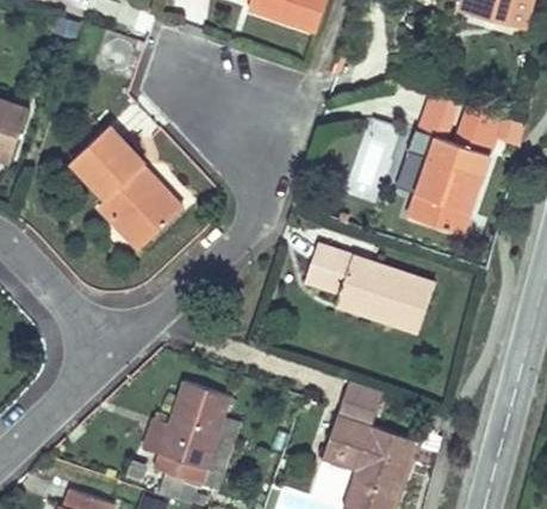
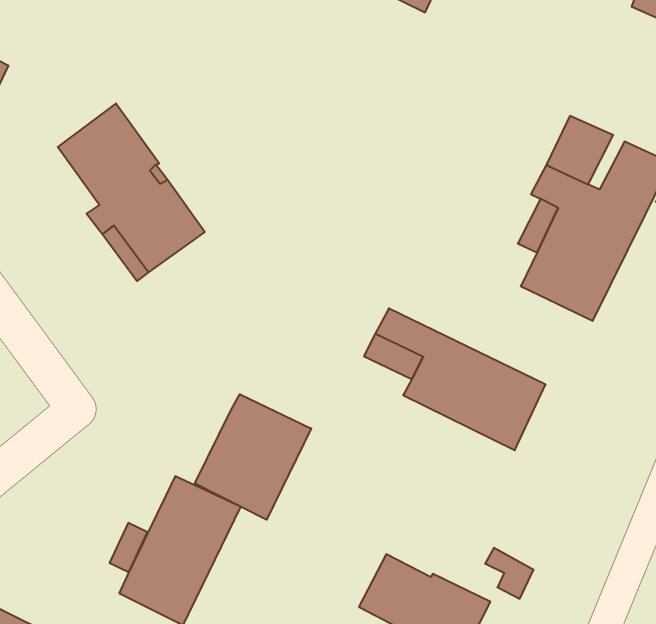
building: none -> [195,394,311,520]
building: [337,383,383,428] -> none

